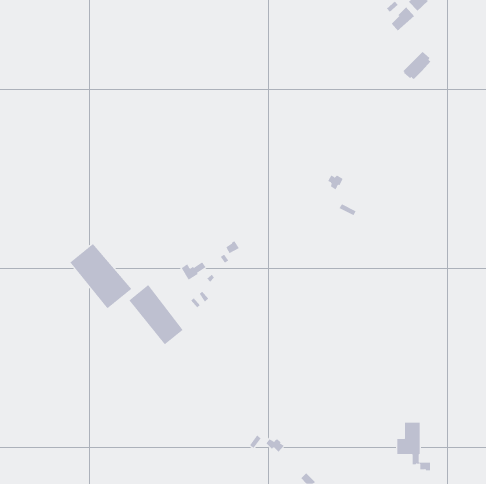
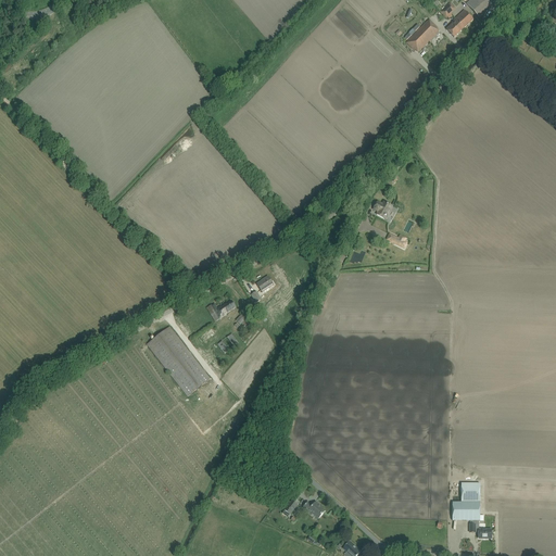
building: [403,51,431,80] -> [406,17,439,50]
building: [70,243,132,309] -> none

